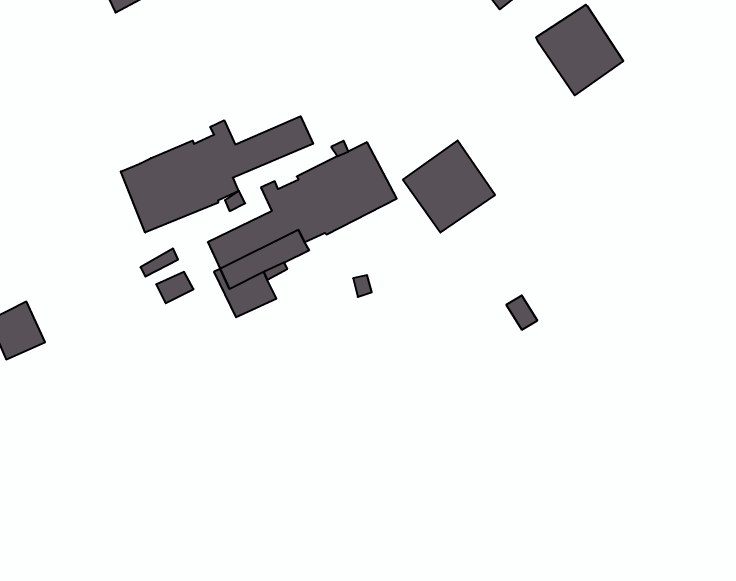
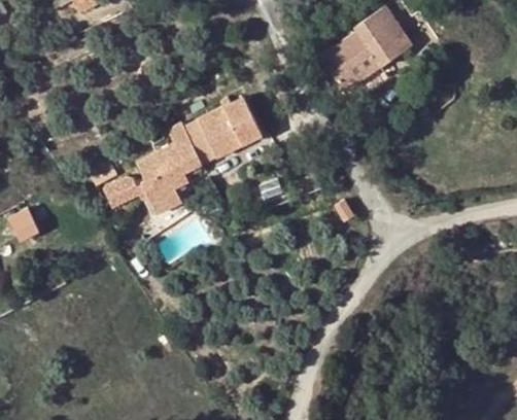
building: [121,116,313,233] -> none
building: [403,140,495,233] -> [319,31,380,92]

